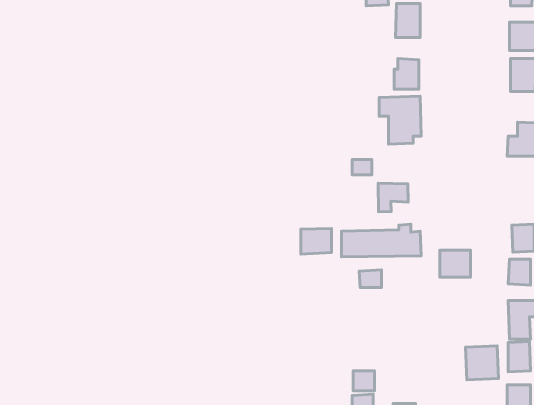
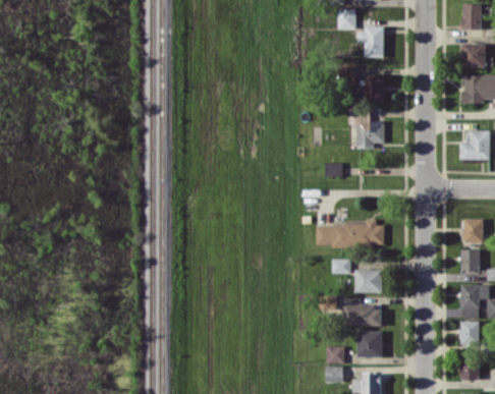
building: [378,183,408,212] -> none
building: [301,229,331,254] -> none
building: [440,250,470,277] -> [355,270,382,293]
building: none -> [343,305,382,327]
building: [466,346,499,380] -> none
building: none -> [358,332,382,357]

